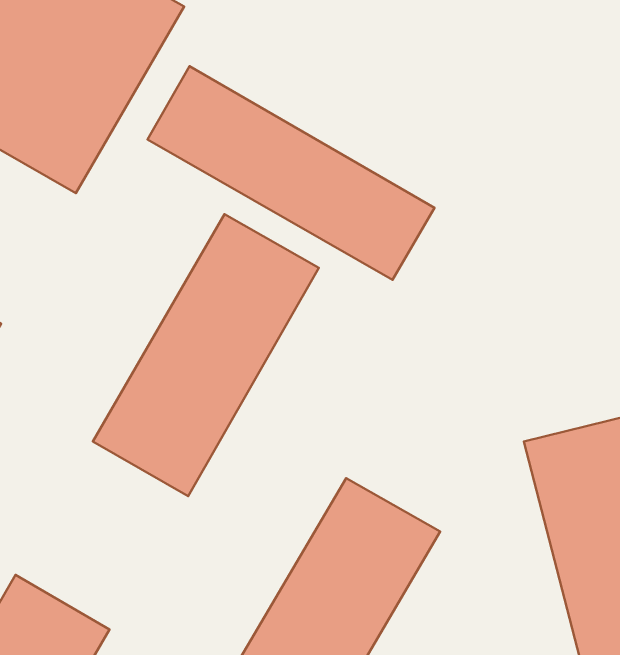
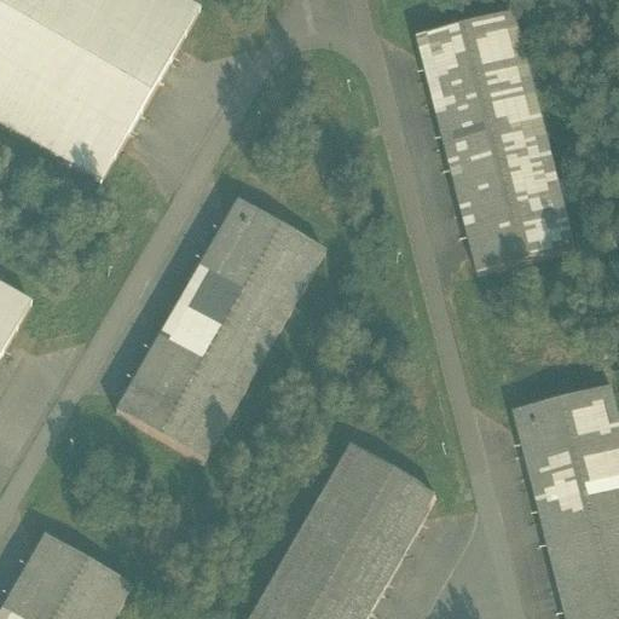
building: none -> [418,12,575,272]
building: [147,66,434,280] -> none

